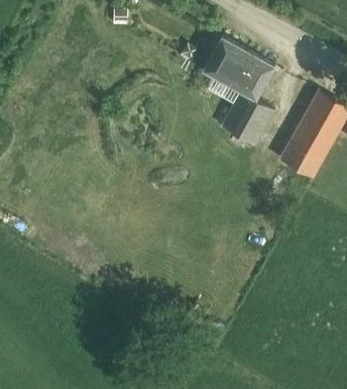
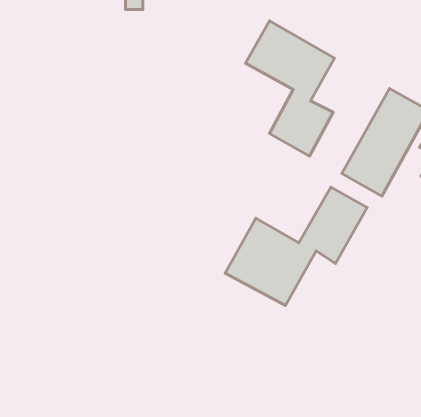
building: none -> [225,187,367,306]

